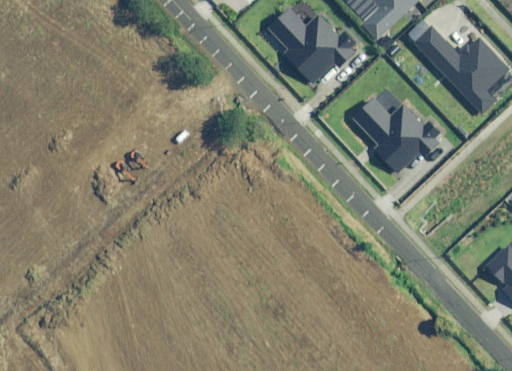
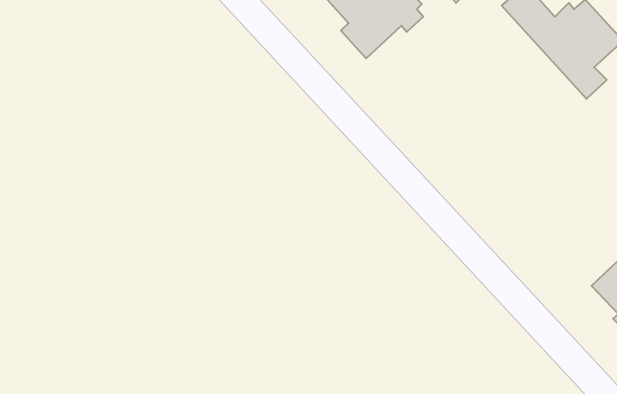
building: [352,95,438,173] -> none

